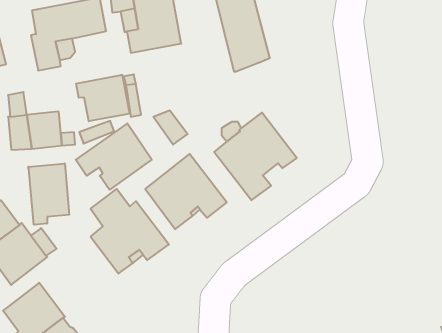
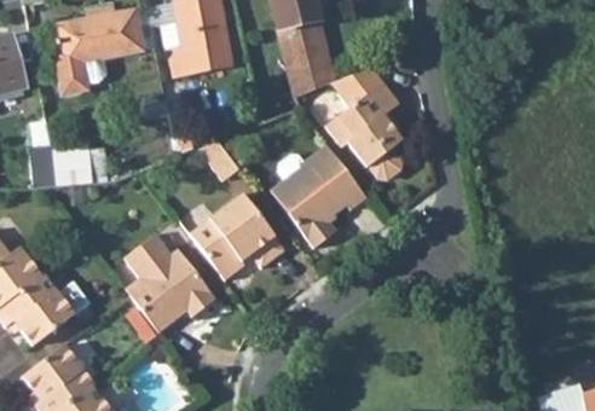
building: none -> [327,68,404,180]
building: [76,75,130,121] -> none
building: [76,123,152,190] -> none
building: [28,163,69,225] -> none

